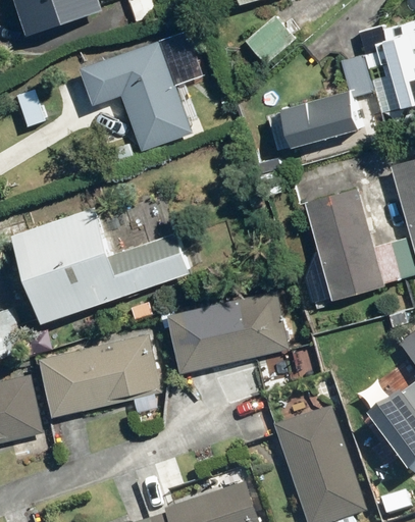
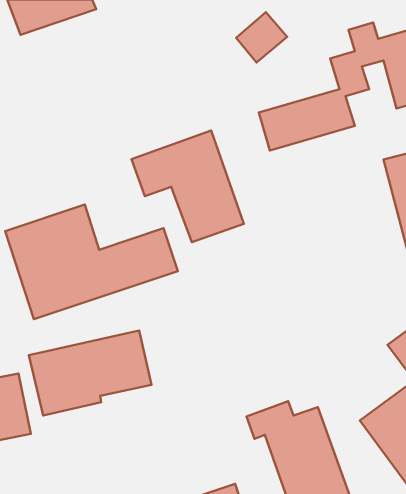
building: [81,41,193,152] -> [131,131,244,242]
building: [302,184,383,299] -> none
building: [166,288,289,373] -> none

